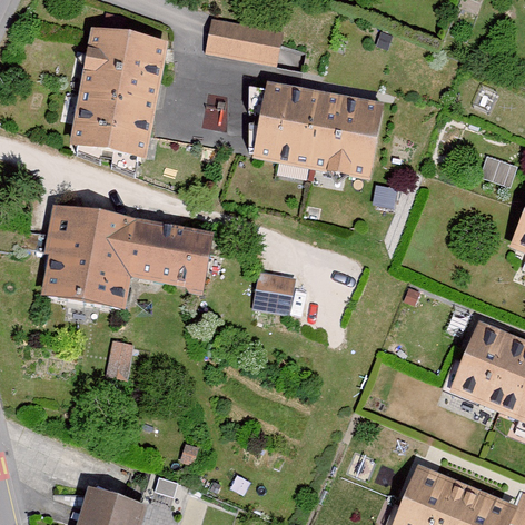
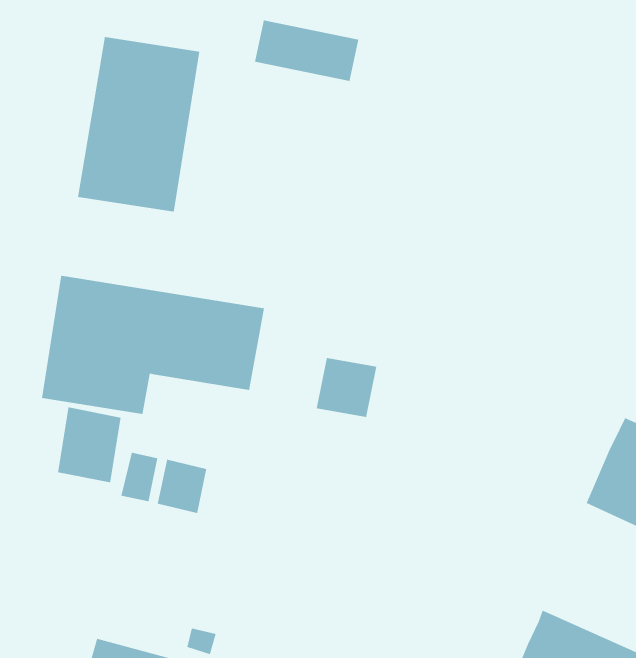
building: [252,91,382,181] -> none
building: none -> [58,407,121,483]
building: none -> [157,459,207,514]

